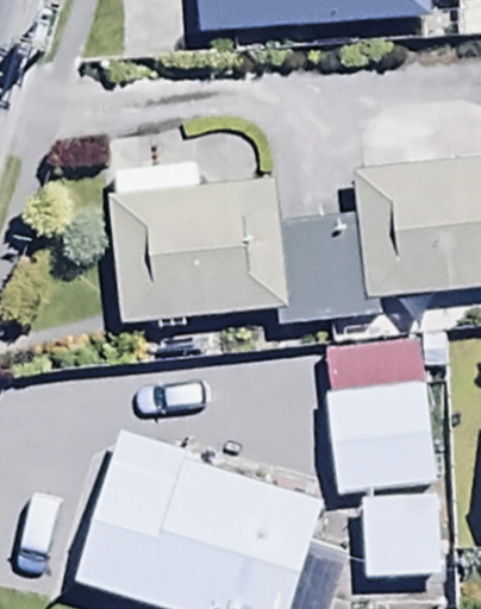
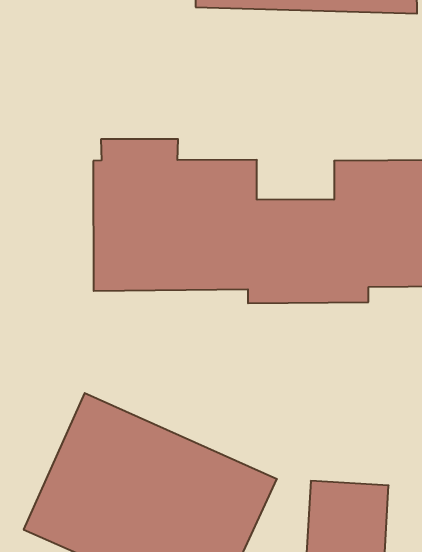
building: [325,339,430,492] -> none

